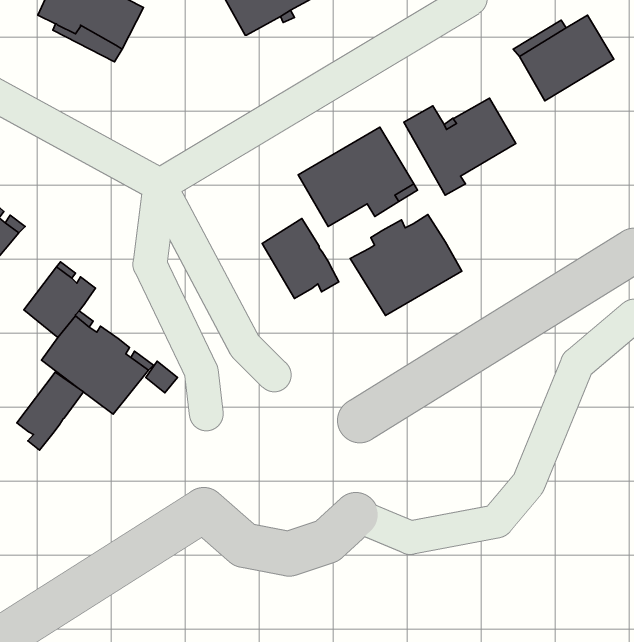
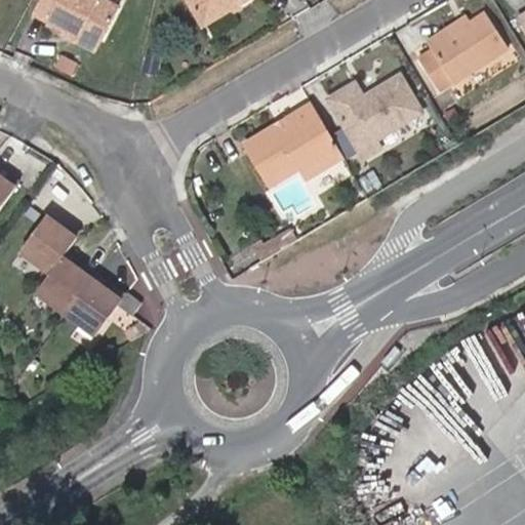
building: [350,214,462,316] -> none
building: [262,219,339,299] -> none
building: [17,372,83,450] -> none

